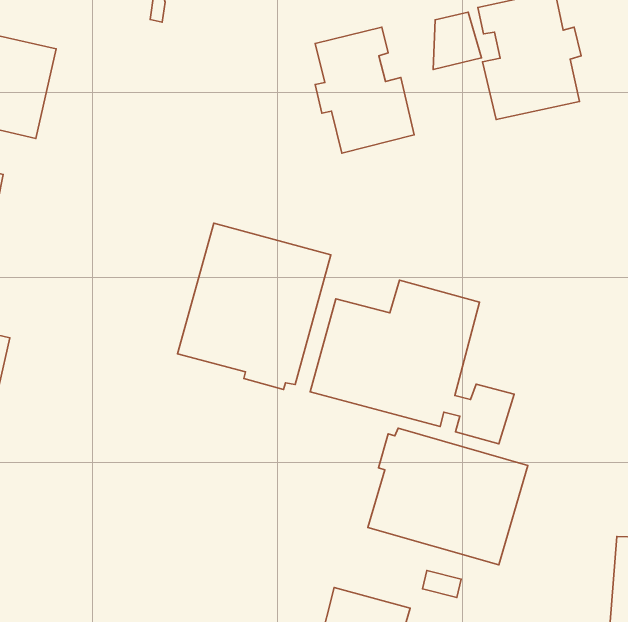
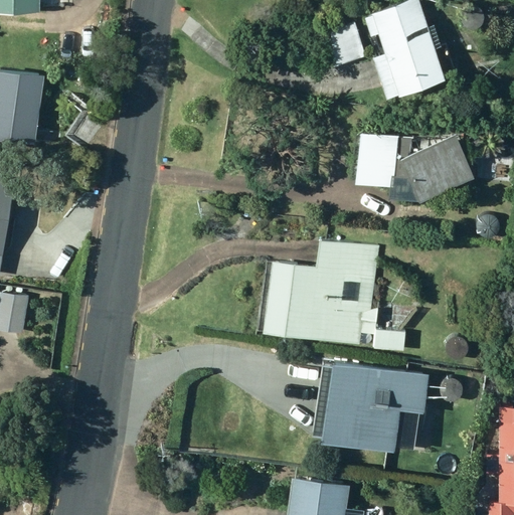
building: [315,27,414,153] -> none
building: none -> [350,139,472,209]
building: [178,223,331,389] -> none

